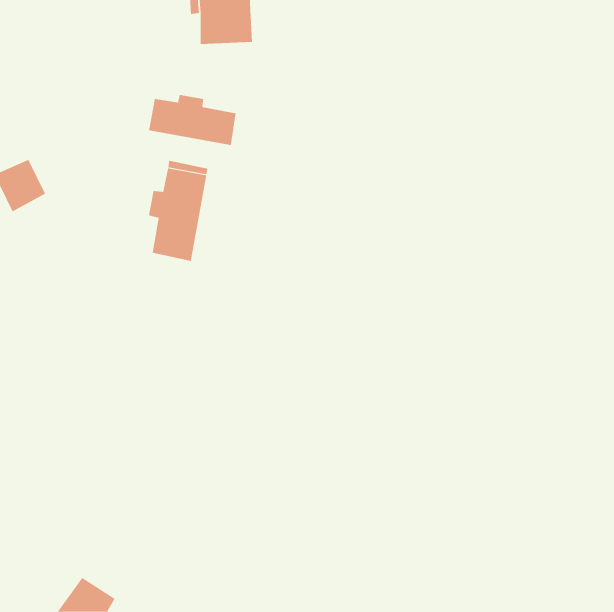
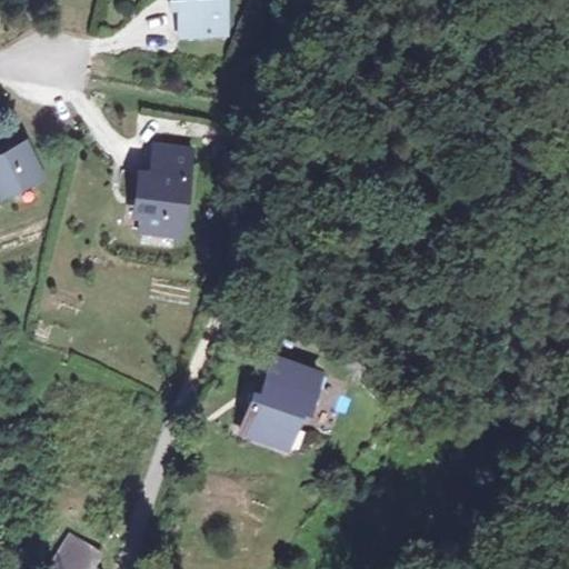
building: [149,94,236,146] -> none
building: none -> [237,358,315,448]

